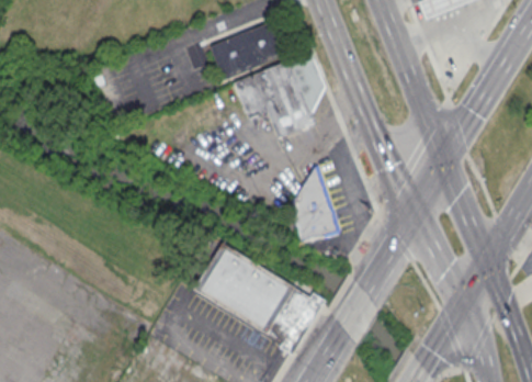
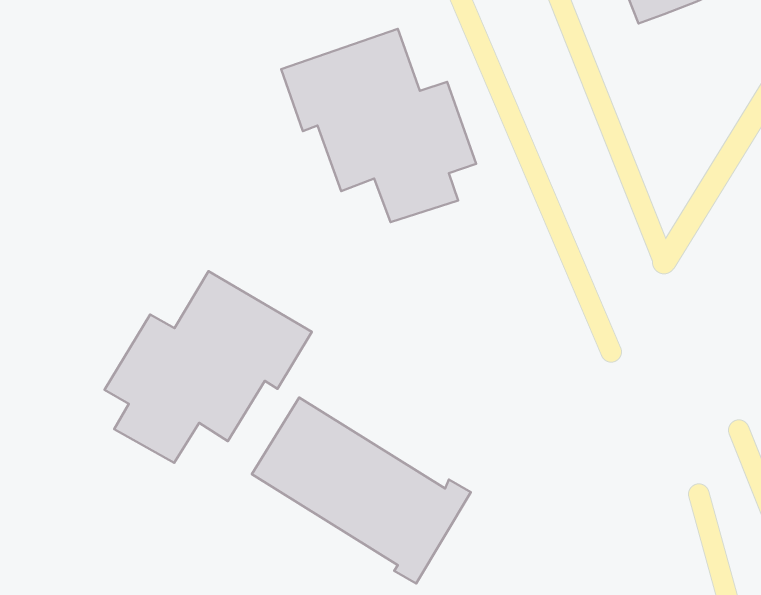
building: [290,165,336,239] -> none
building: none -> [105,271,312,463]

